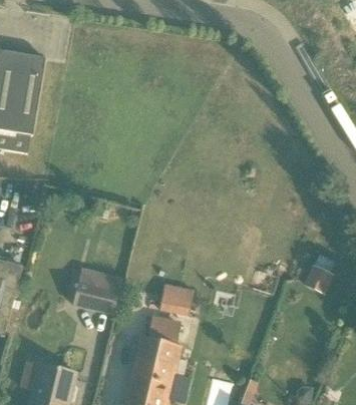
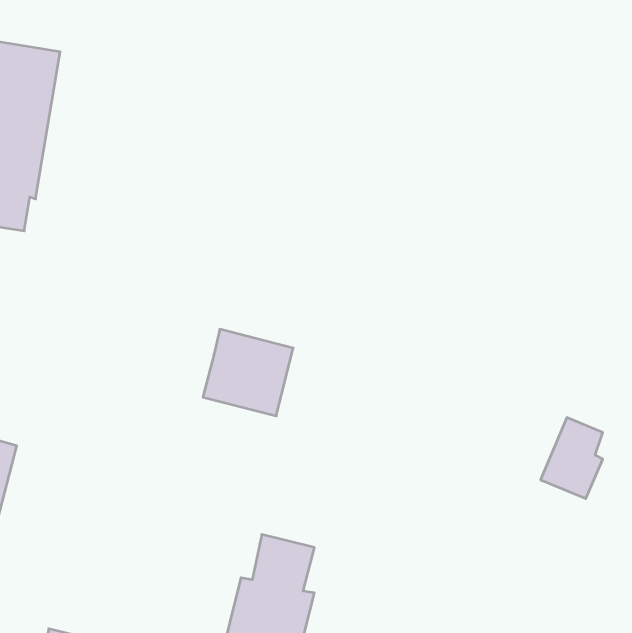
building: [73,267,121,313] -> [203,329,293,416]
building: [158,282,195,315] -> none

